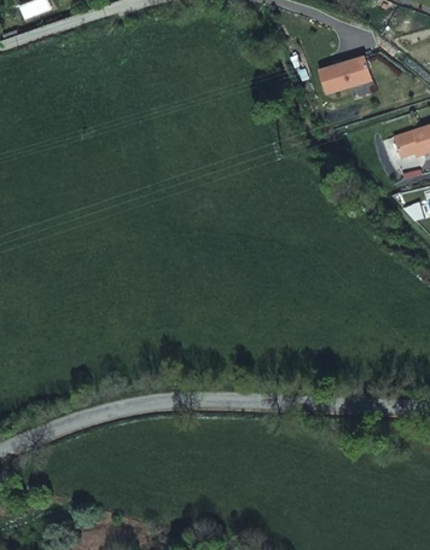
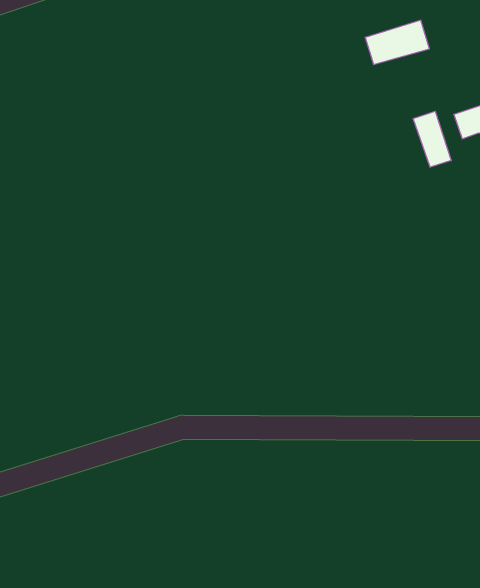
building: none -> [413,111,451,167]

